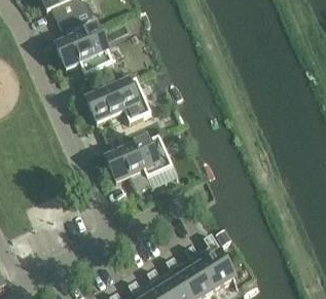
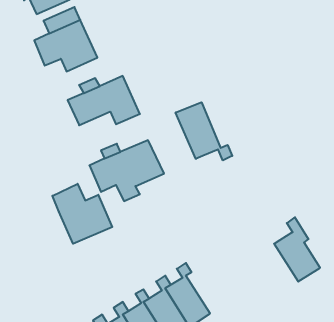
building: none -> [176,102,232,160]
building: none -> [52,184,112,244]
building: [192,230,233,288] -> [274,217,320,282]

